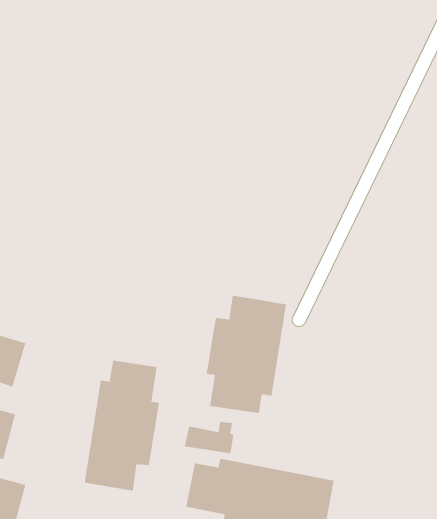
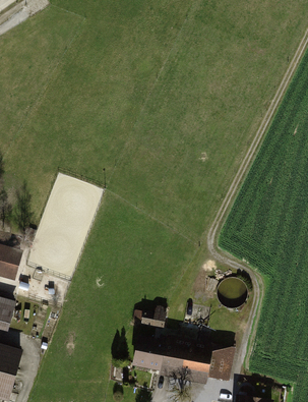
building: [206,295,286,414] -> none
building: [84,360,159,491] -> none

